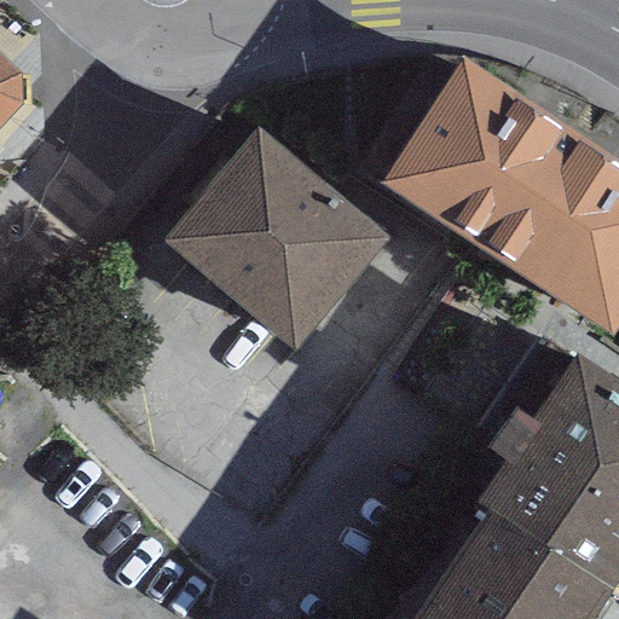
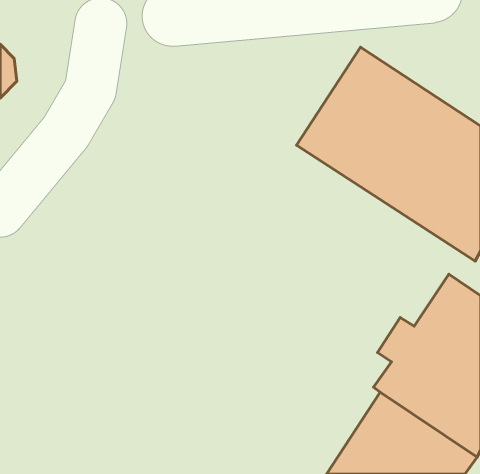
building: [166,132,388,351] -> none

